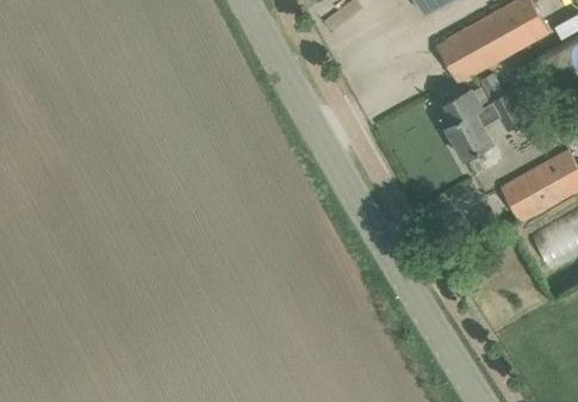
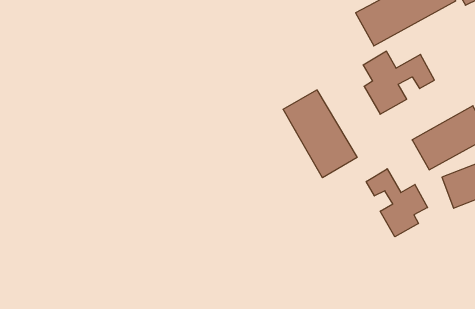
building: none -> [283,90,357,178]
building: none -> [366,169,428,237]

